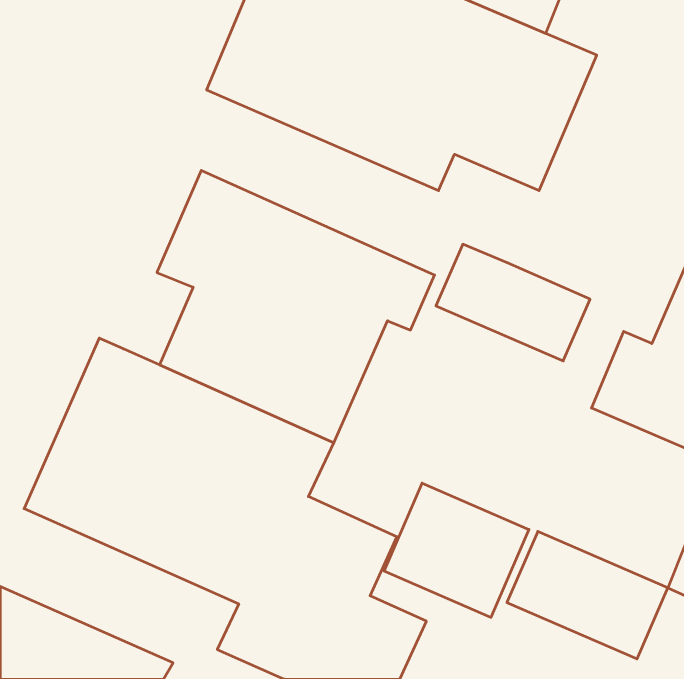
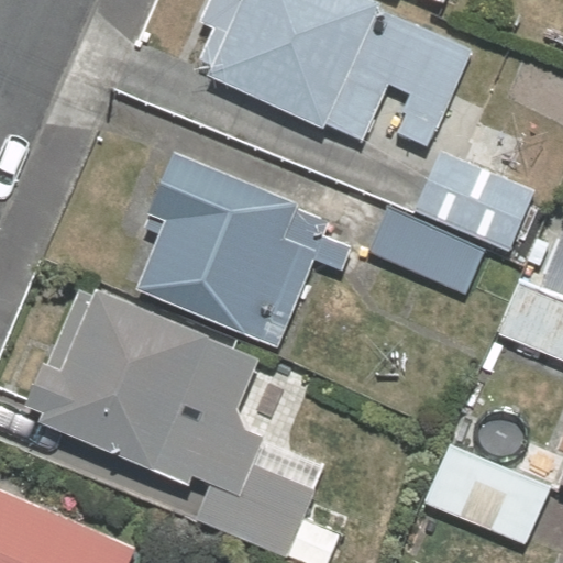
building: none -> [418,156,544,260]
building: [384,483,529,617] -> none

